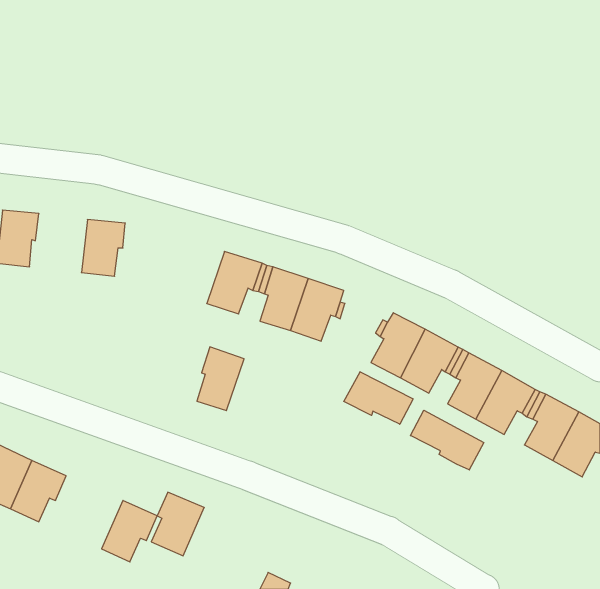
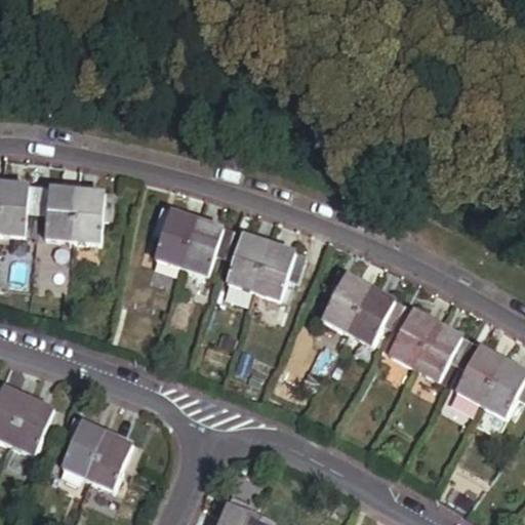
building: none -> [41,187,76,237]
building: [197,347,244,411] -> [154,208,195,264]
building: [344,372,413,424] -> none
building: [410,410,484,470] -> none
building: [151,492,204,556] -> [60,421,107,477]

